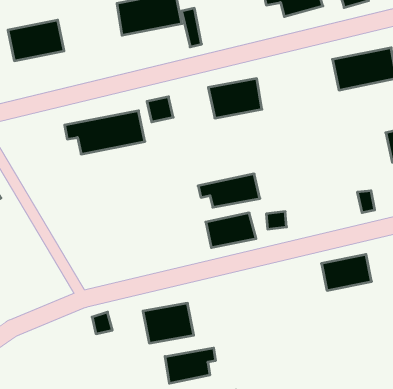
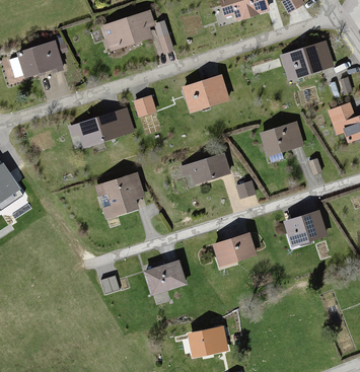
building: none -> [260,122,303,157]
building: none -> [97,173,143,217]
building: [206,213,256,248] -> [213,233,255,264]
building: [165,348,215,383] -> none

